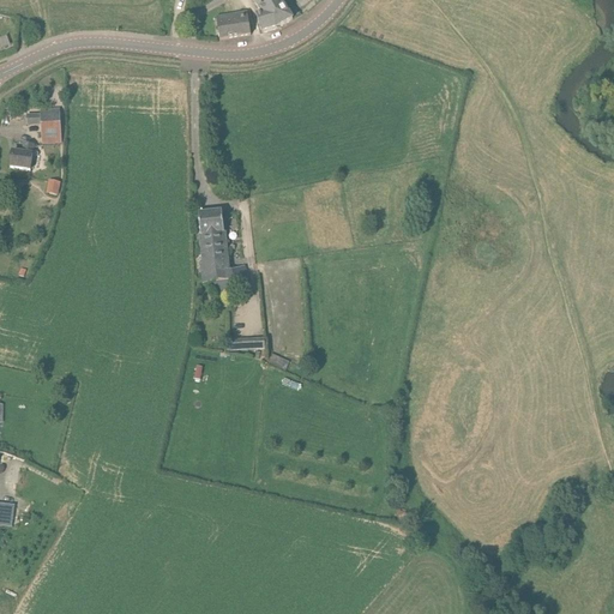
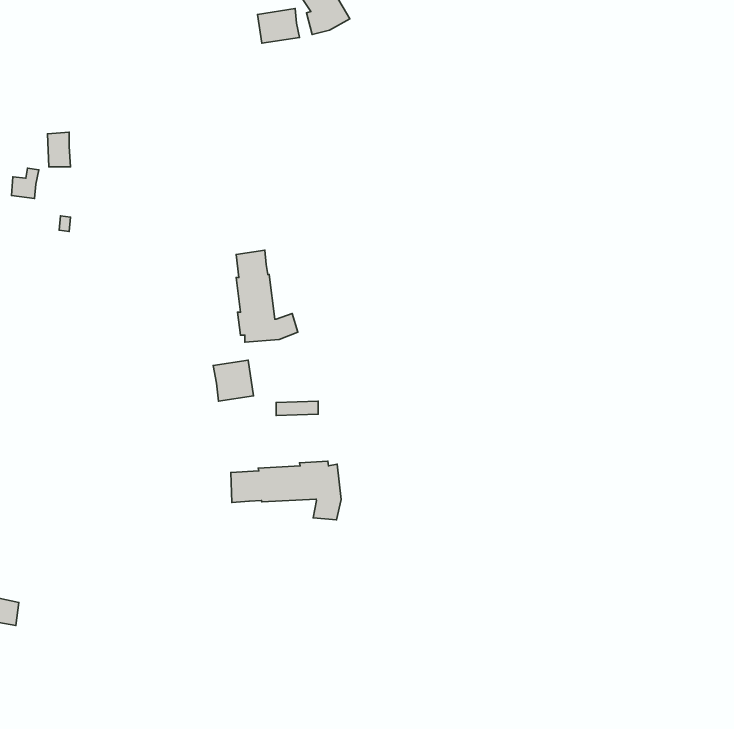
building: none -> [213,360,253,401]
building: none -> [231,461,341,520]

